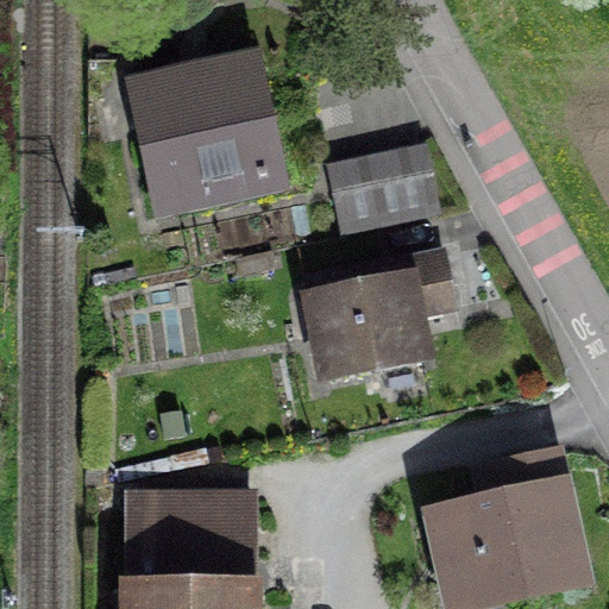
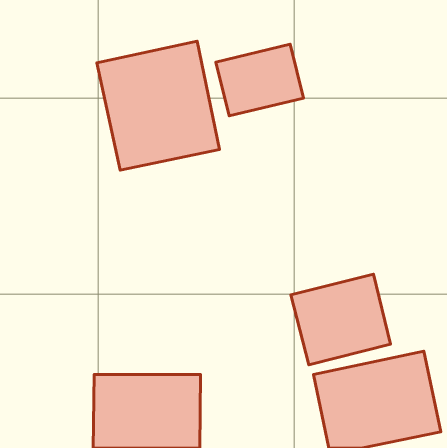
building: [325,140,441,236] -> [216,44,304,116]
building: [303,266,435,387] -> [291,274,390,365]

